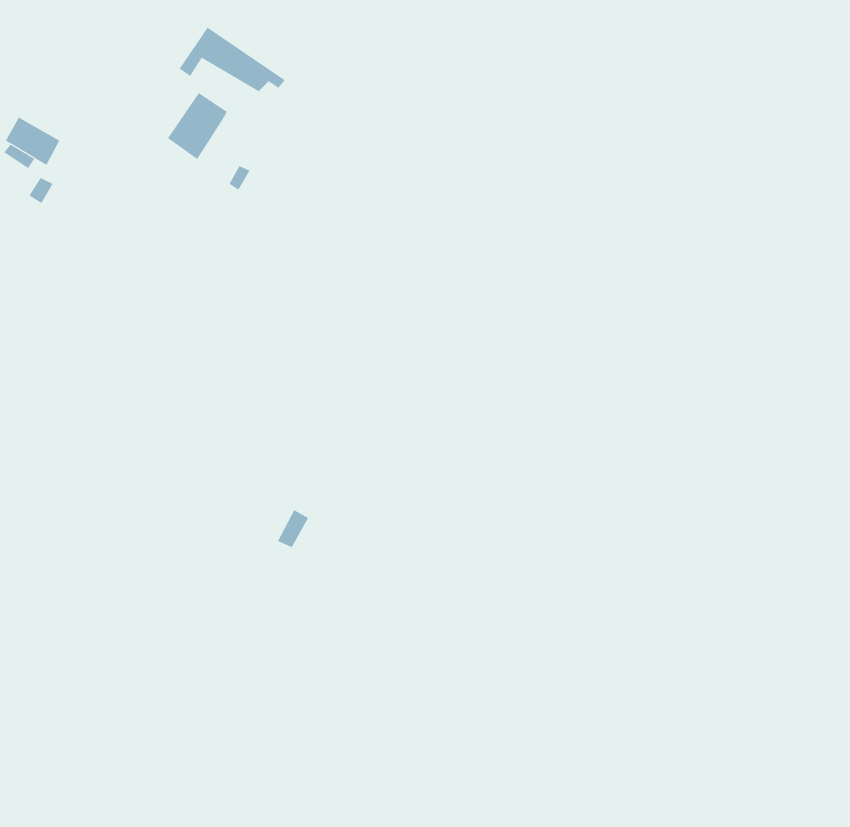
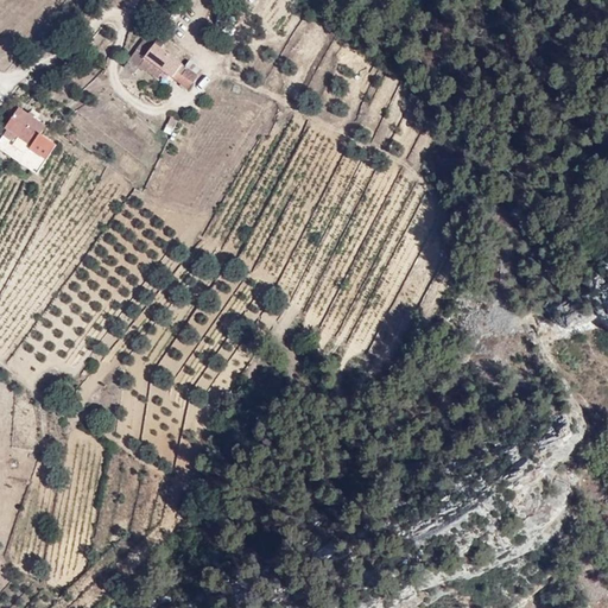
building: [167,92,228,160] -> none

